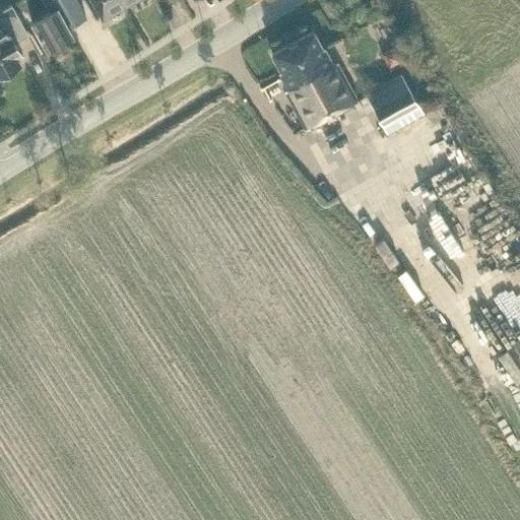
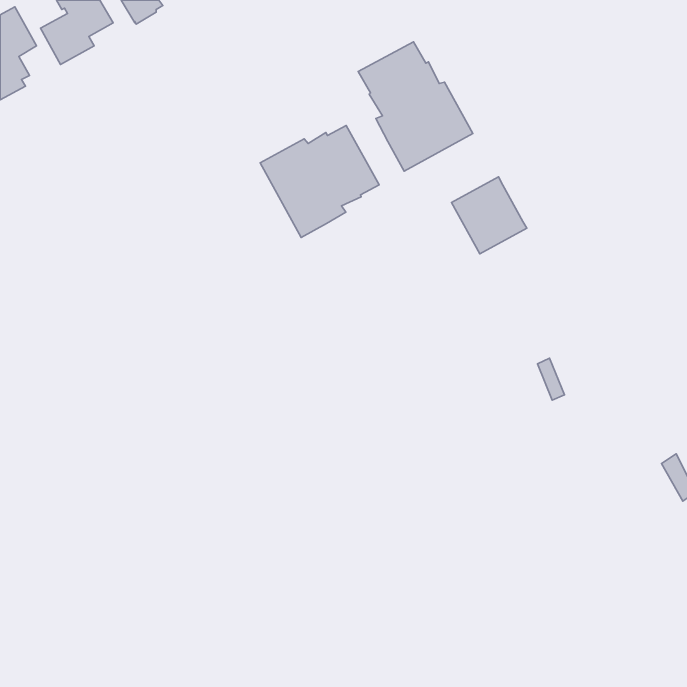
building: [366,75,422,133] -> [451,177,527,254]
building: none -> [260,125,379,237]

